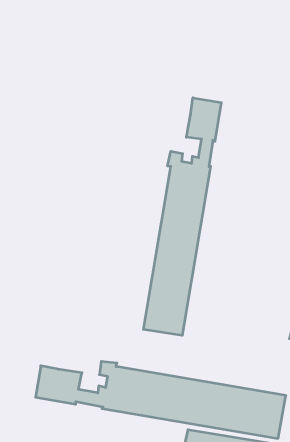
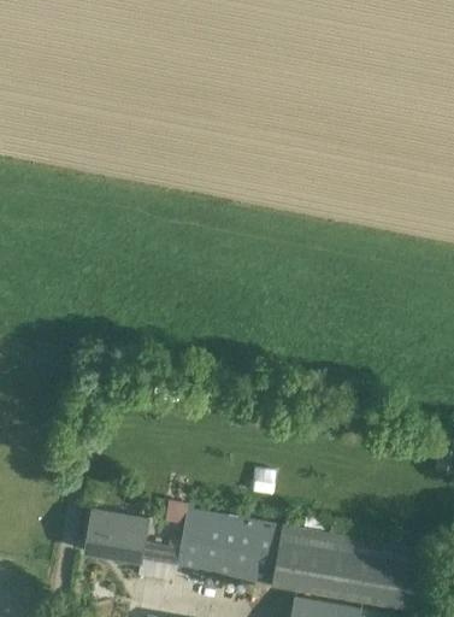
building: [143,98,221,335] -> none

